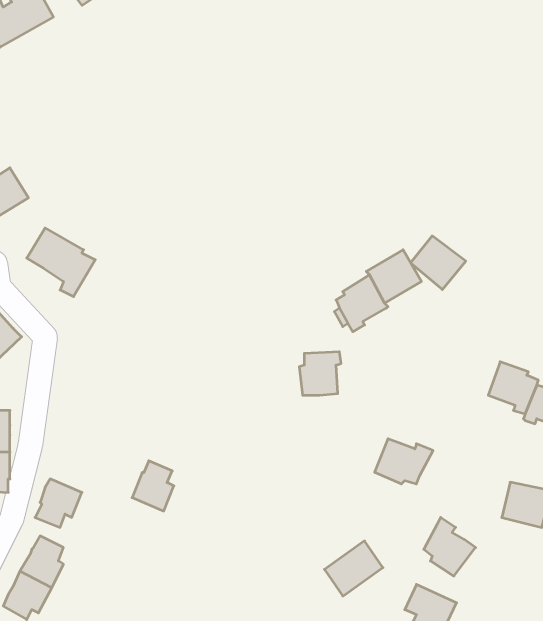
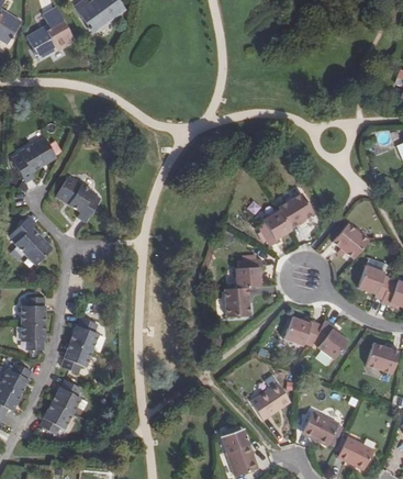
building: [411,236,466,290] -> [333,223,369,258]
building: none -> [224,287,249,316]
building: [132,461,174,511] -> [70,318,98,350]
building: [424,517,476,576] -> [313,319,347,357]

